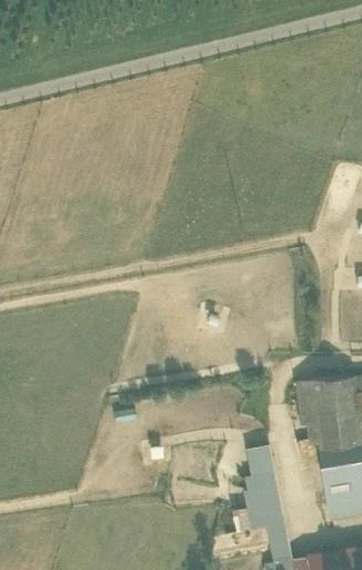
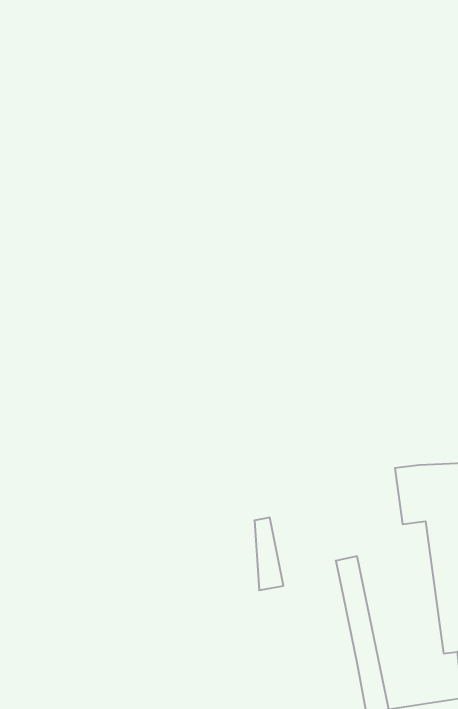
building: [246,474,267,528] -> [254,517,283,590]

